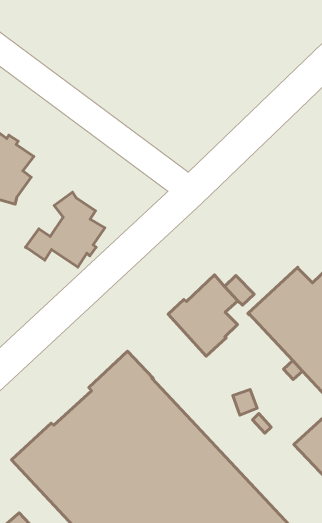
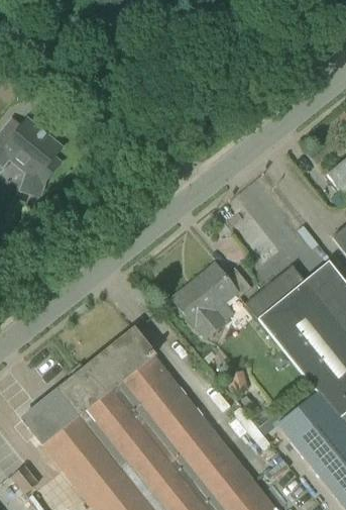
building: [25,192,105,267] -> none

